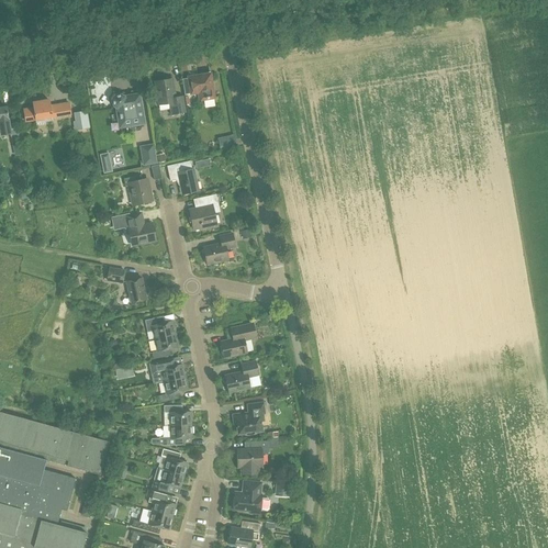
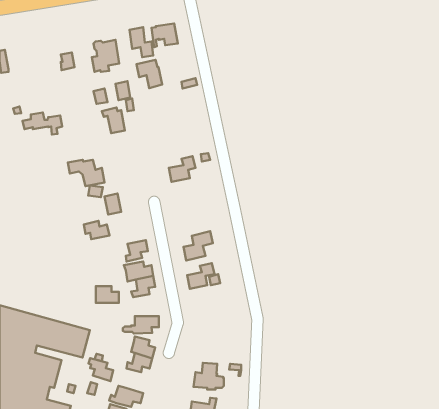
building: [24,98,71,124] -> [23,113,62,135]
building: [167,159,198,193] -> [136,60,162,88]
building: [189,193,220,228] -> none
building: [111,212,155,244] -> [68,160,105,186]
building: [145,315,176,337] -> [84,221,109,239]
building: [233,401,265,433] -> none
building: [164,404,191,424] -> [96,286,119,303]
building: [237,439,268,473] -> none
building: [146,489,176,516] -> [88,358,113,381]

